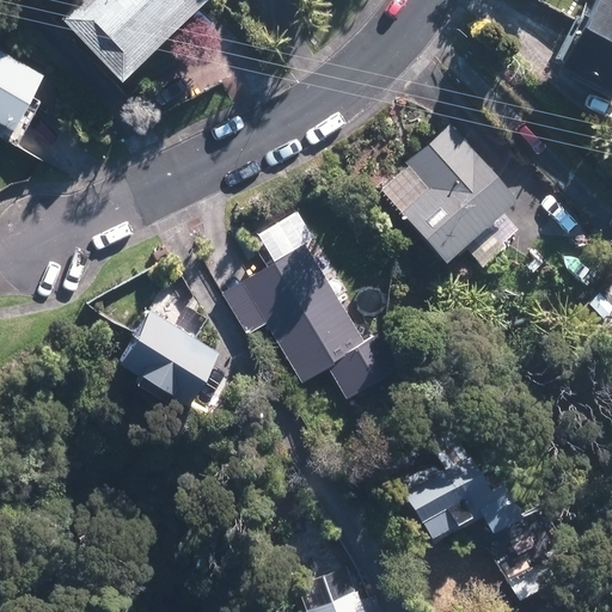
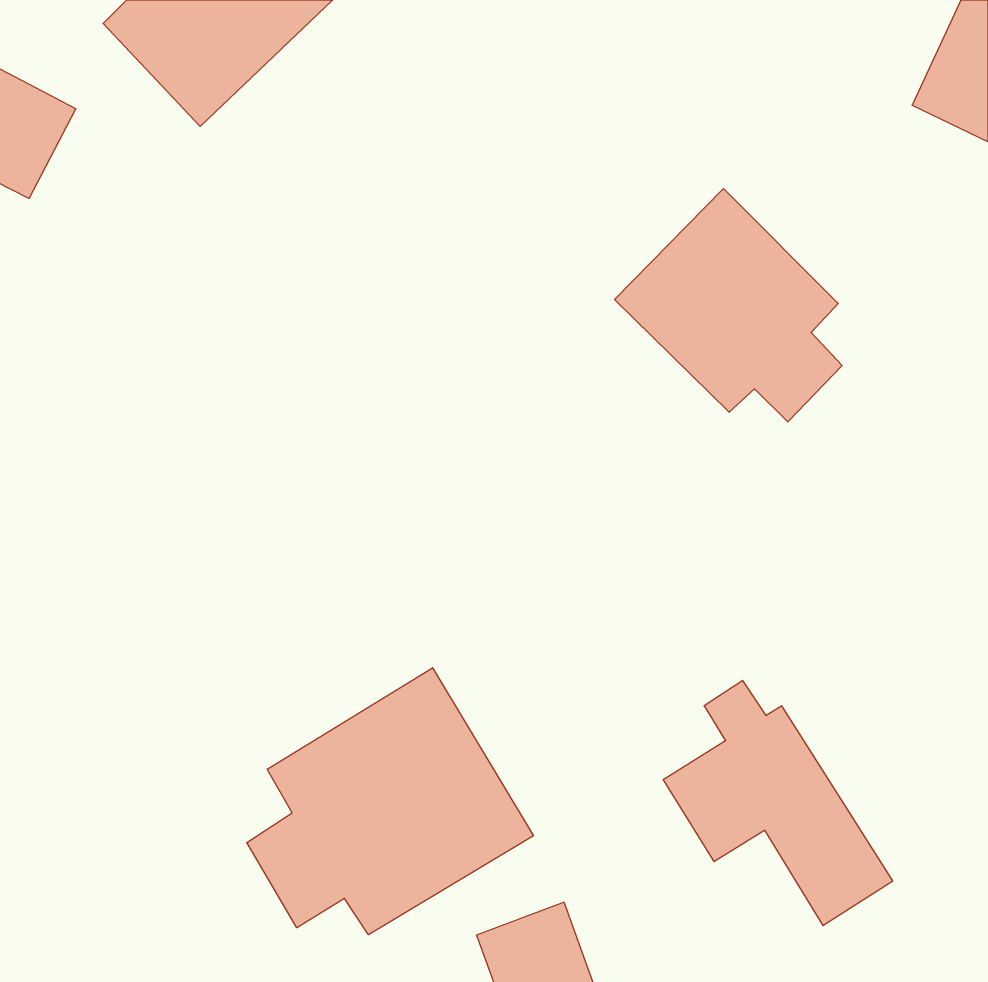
building: [218,241,386,398] -> none
building: [116,300,225,404] -> none
building: none -> [247,668,533,935]

